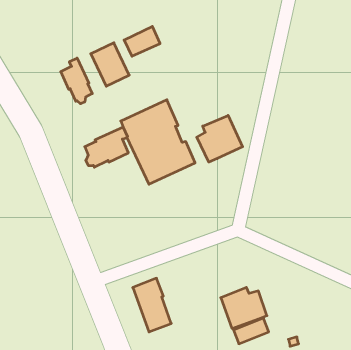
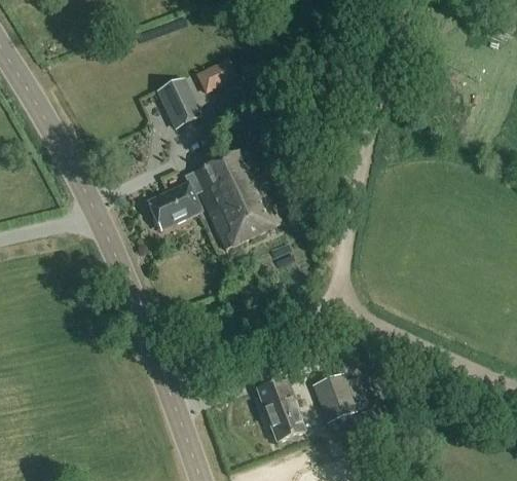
building: [61,58,92,104] -> none
building: [197,115,243,162] -> none
building: [133,278,171,332] -> [256,376,302,441]

